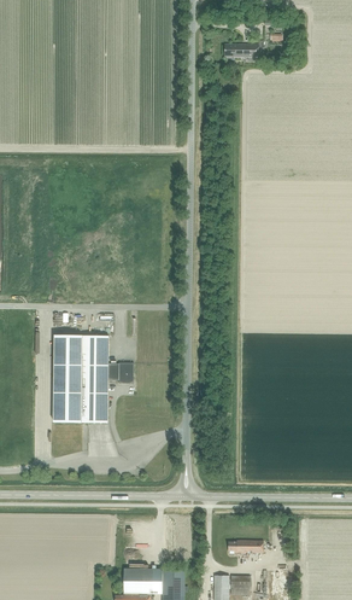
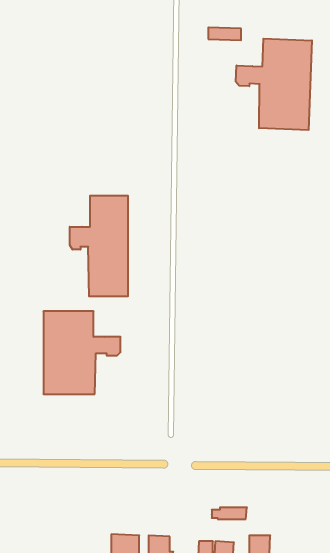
building: none -> [236,39,312,130]
building: none -> [70,196,128,296]

